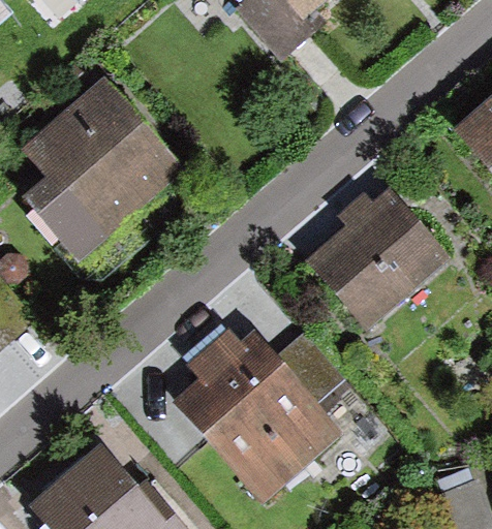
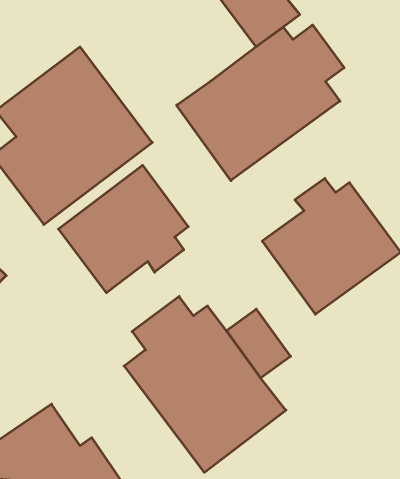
building: none -> [177,25,344,181]
building: none -> [58,165,188,293]

